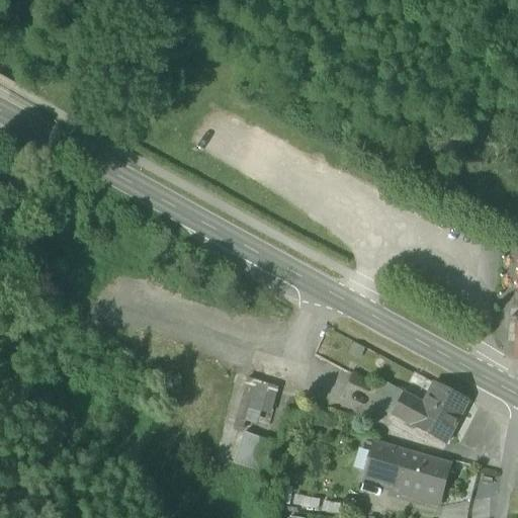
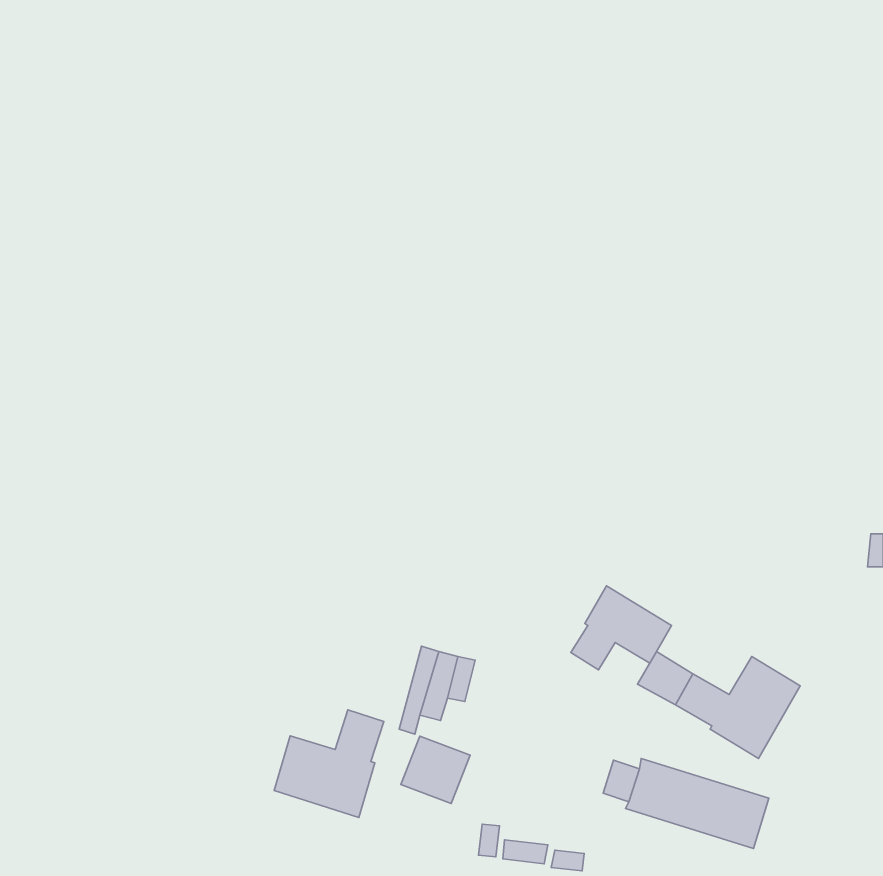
building: none -> [571,586,672,670]
building: none -> [274,710,384,817]

